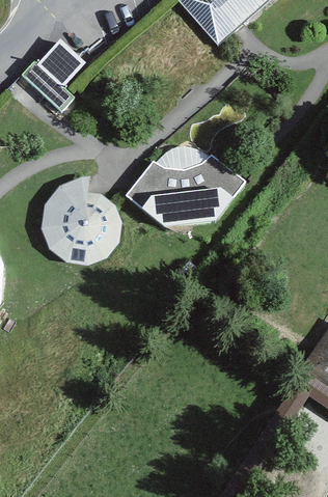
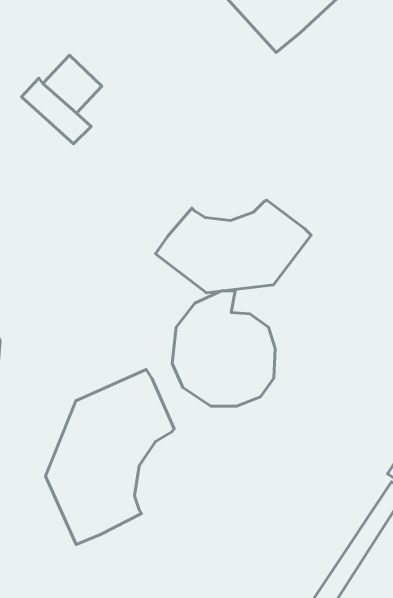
building: [154,146,208,171] -> none
building: [39,176,119,266] -> [172,291,275,406]
building: none -> [46,369,174,544]

